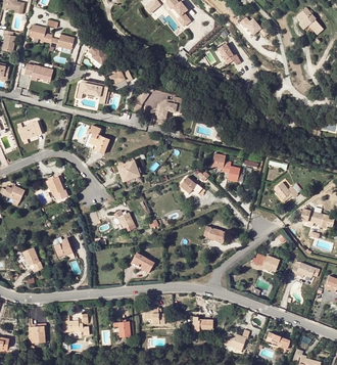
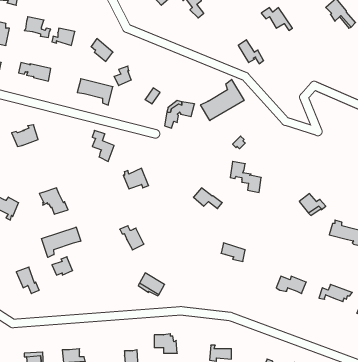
building: none -> [201,79,244,121]
building: none -> [41,227,81,257]

